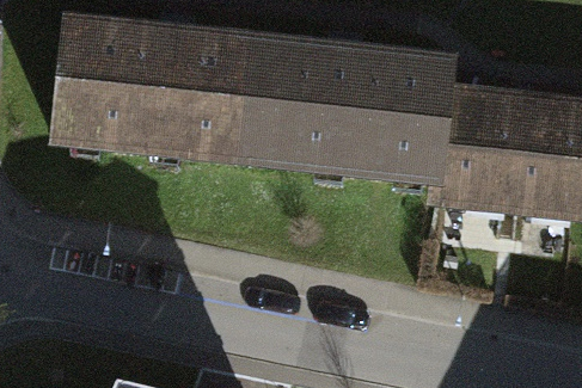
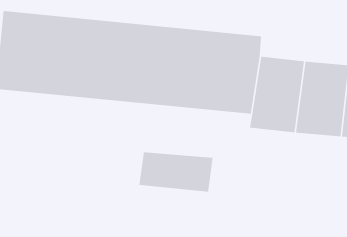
building: none -> [139,151,213,193]

